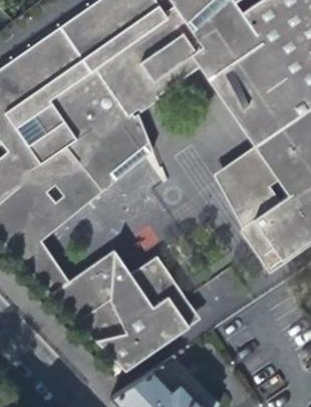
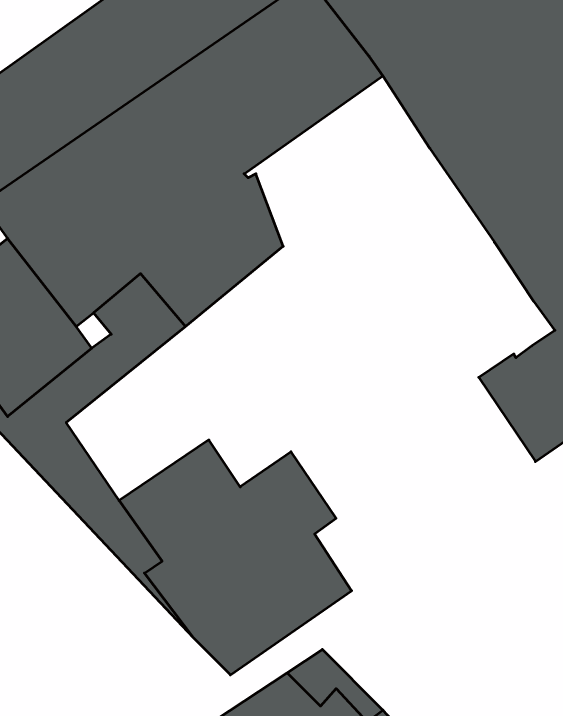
building: [222,150,280,219] -> none

